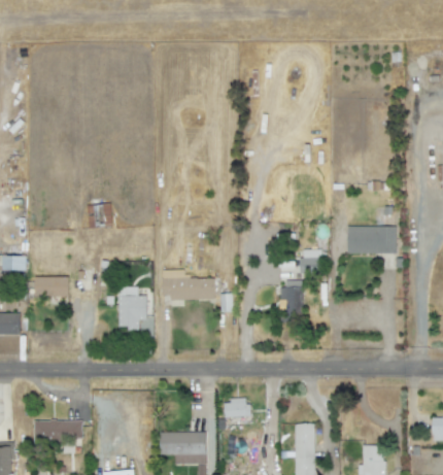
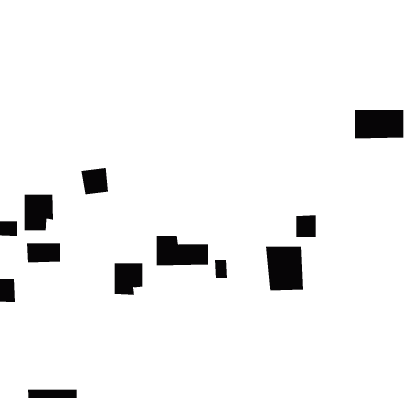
building: [348,226,398,255] -> [354,110,404,139]
building: none -> [24,194,54,231]
building: [224,398,253,417] -> none

